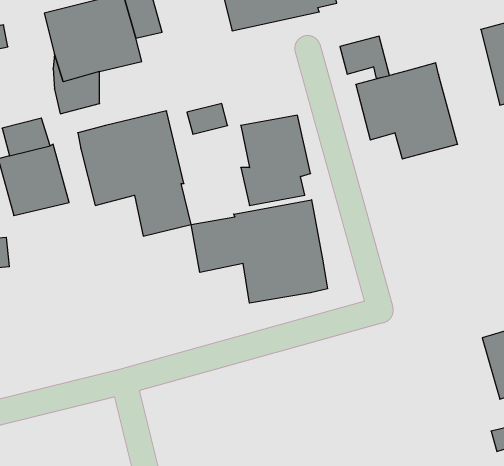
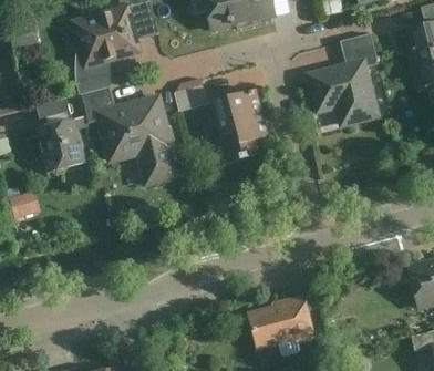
building: [340,36,389,78] -> [341,32,379,64]
building: none -> [81,86,115,123]
building: [191,200,327,303] -> none
building: none -> [242,293,311,355]

